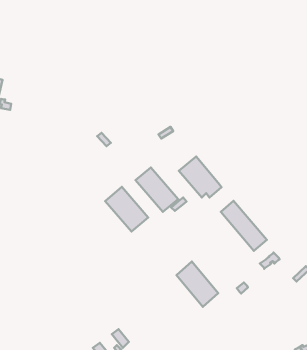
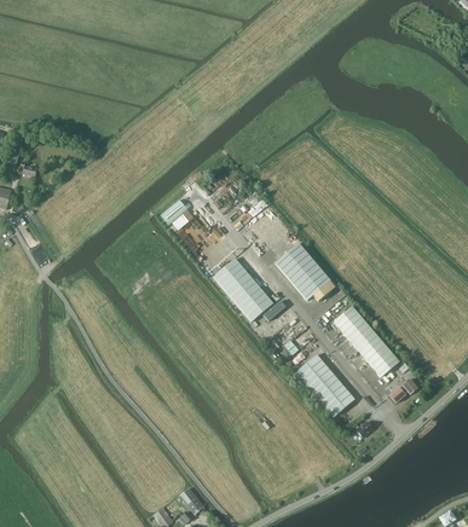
building: [105,187,148,232] -> none
building: [177,262,218,307] -> [295,354,354,418]

